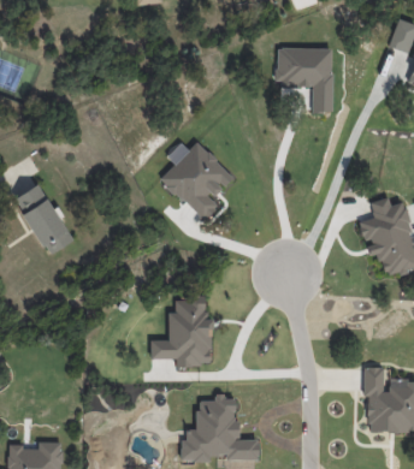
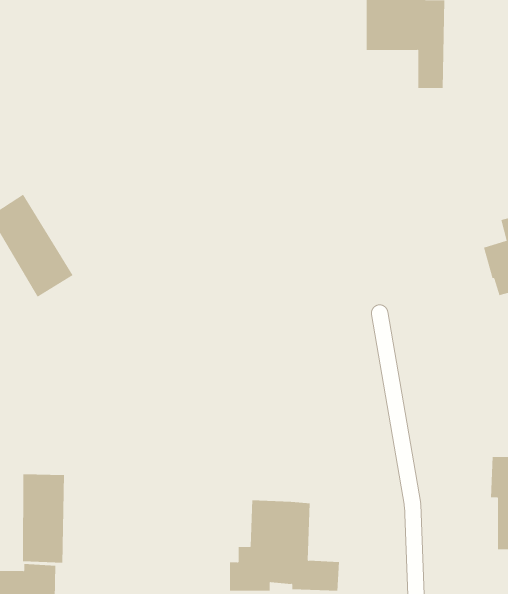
building: [161,142,233,221] -> none
building: [150,297,212,364] -> none
building: none -> [23,473,65,564]

